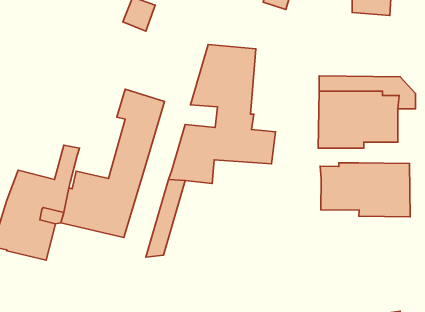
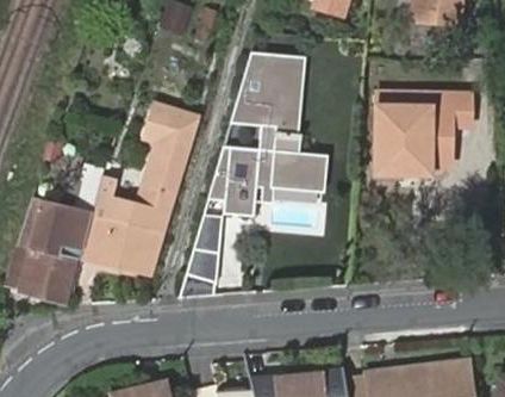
building: [320,163,410,217] -> none

